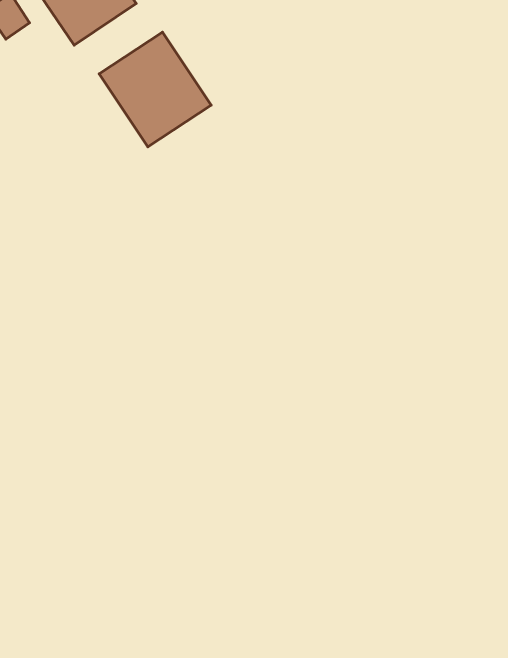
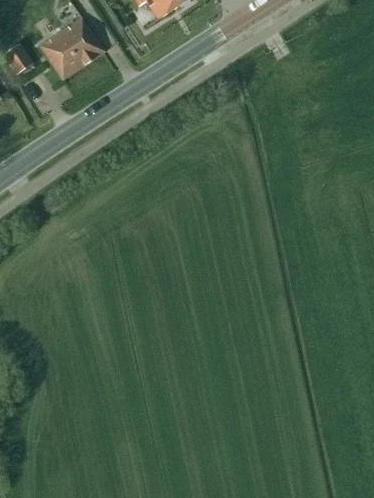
building: [99,32,211,147] -> none

